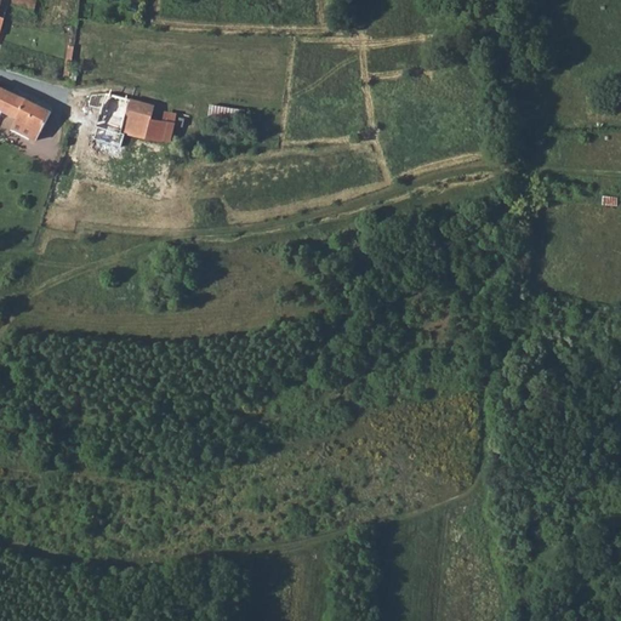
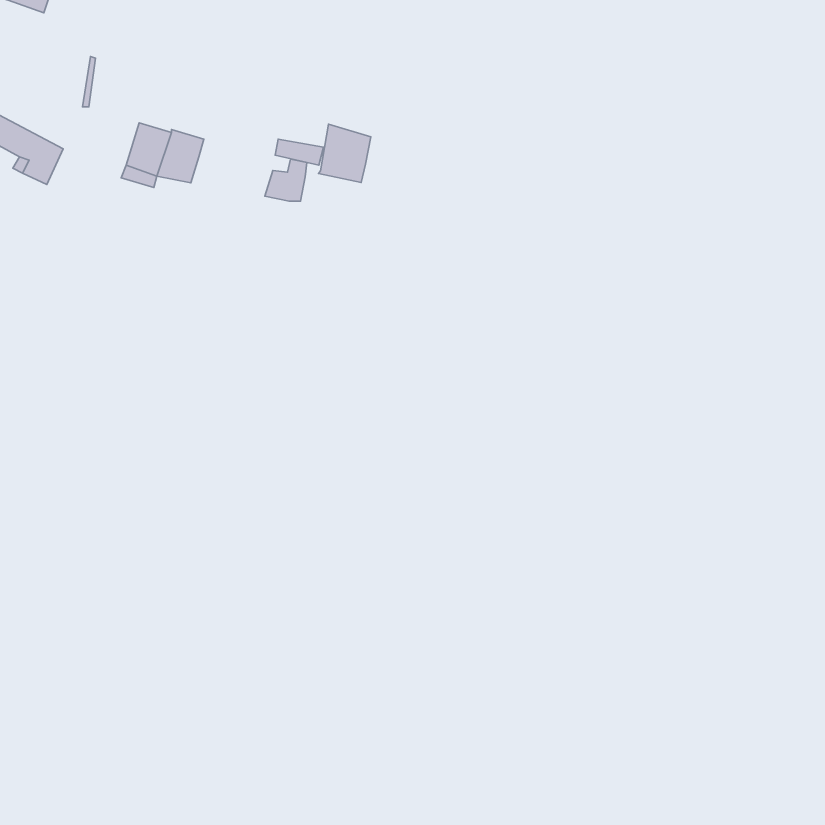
building: none -> [319,124,371,182]
building: [143,109,175,141] -> [265,159,307,201]

